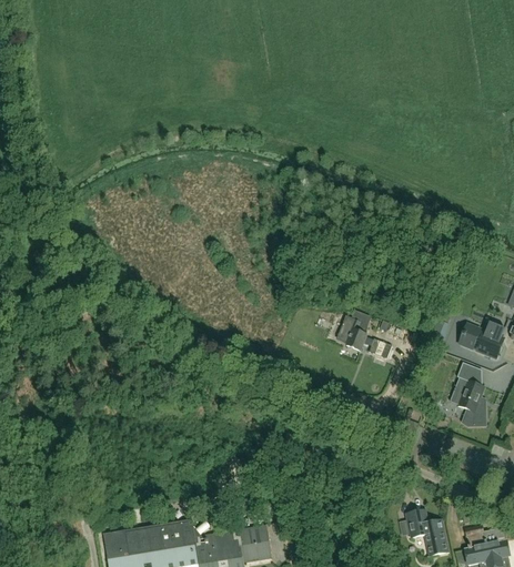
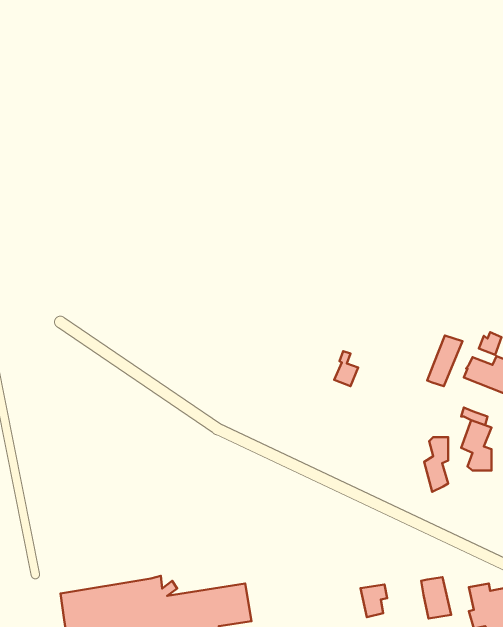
building: none -> [427,335,462,386]
building: none -> [424,437,448,492]
building: [403,509,426,538] -> [361,584,387,617]

